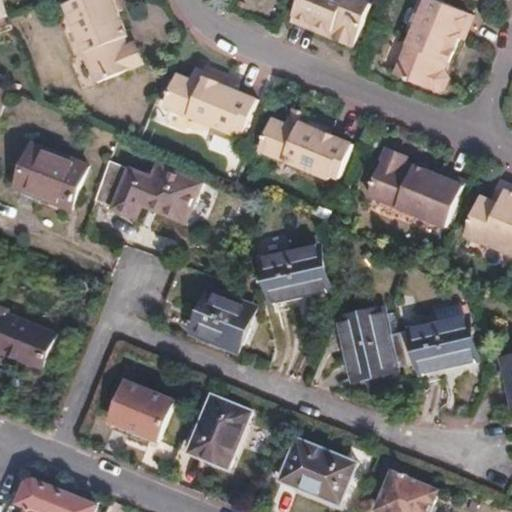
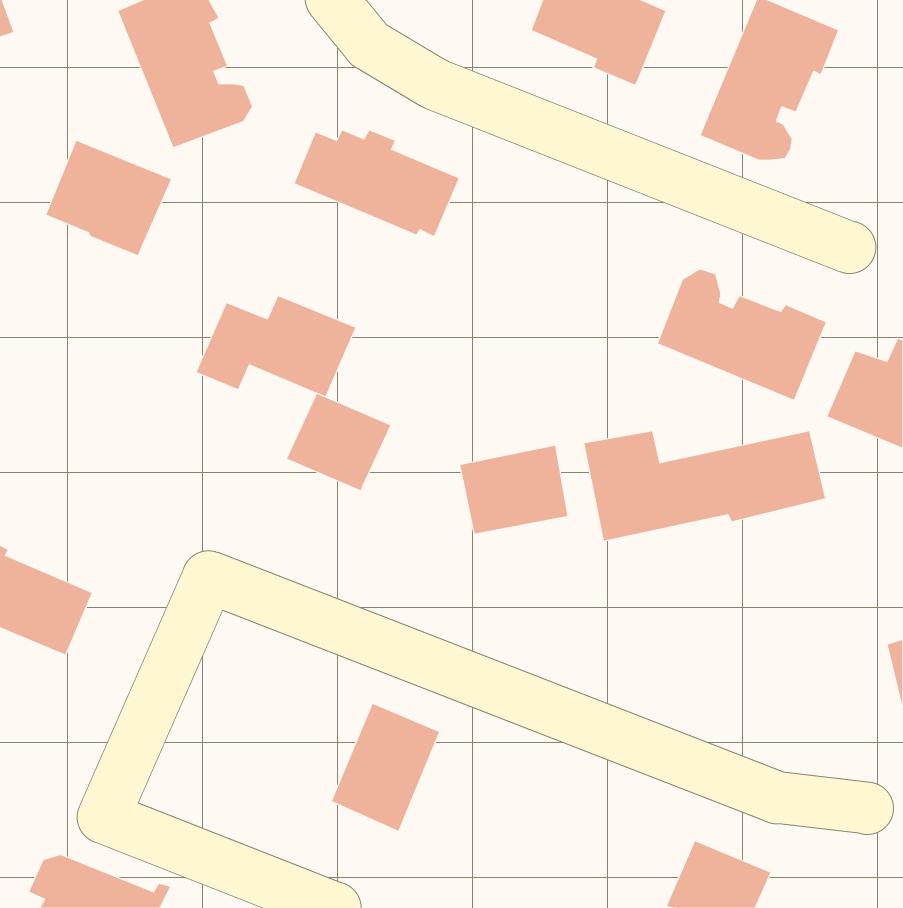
building: [261,118,353,179] -> none
building: [14,143,85,208] -> [45,140,172,256]
building: [91,162,127,209] -> none
building: [188,291,247,346] -> [286,393,391,491]
building: [334,318,470,380] -> [583,431,826,541]
building: [107,381,170,440] -> none
building: [276,439,353,503] -> none

